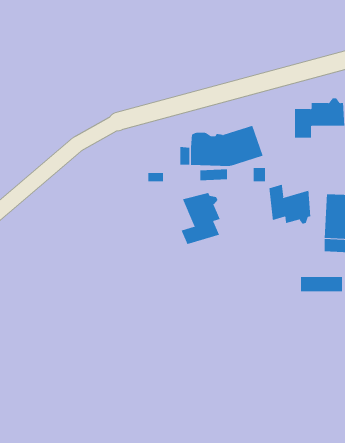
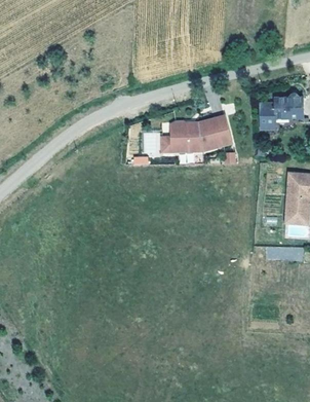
building: [269,184,311,225] -> none
building: [181,192,220,245] -> none

